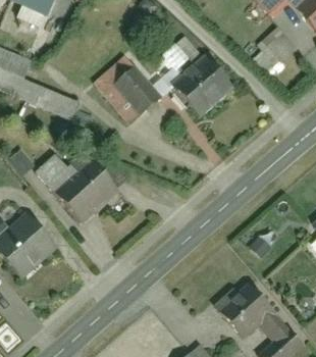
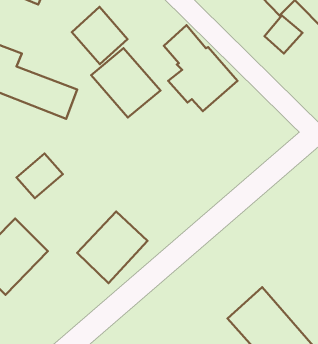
building: none -> [72,7,128,64]
building: [53,161,119,228] -> [77,212,147,283]

